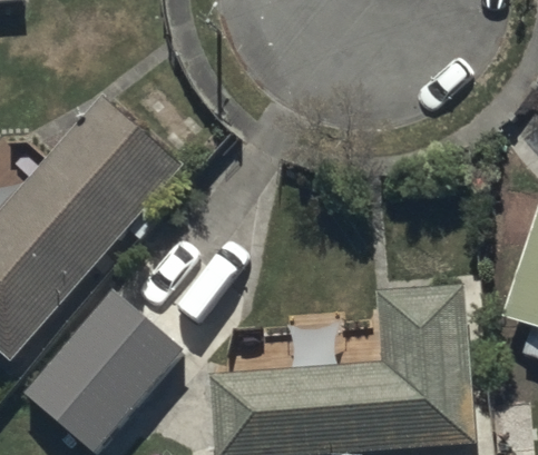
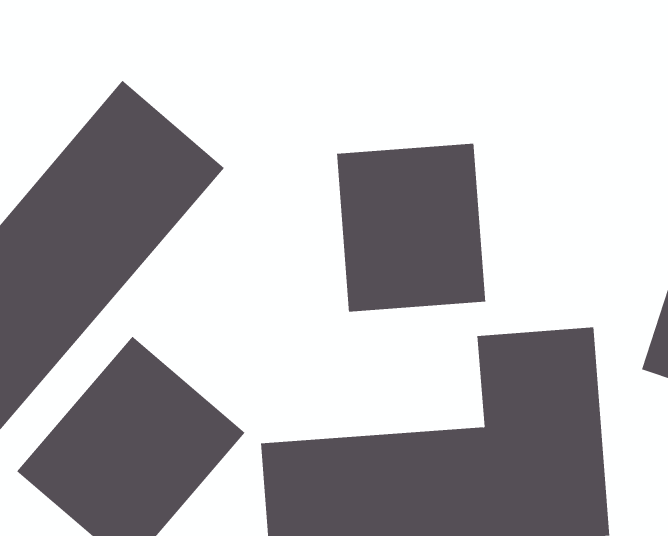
building: none -> [336,143,486,312]

